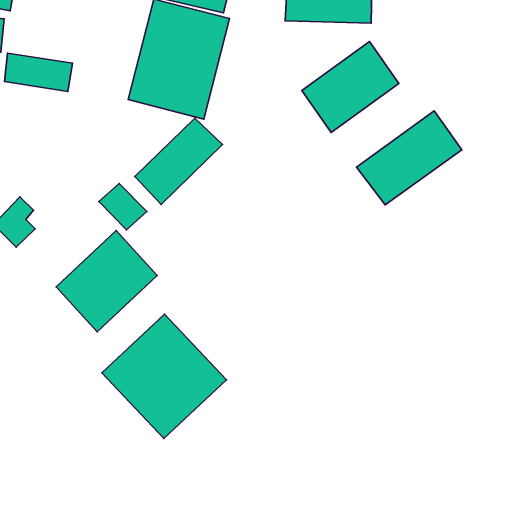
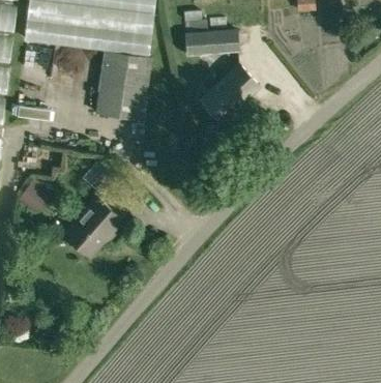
building: [356,111,462,205] -> none
building: [135,118,222,204] -> none
building: [102,314,226,439] -> none

